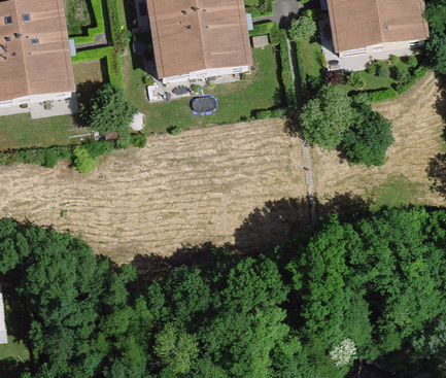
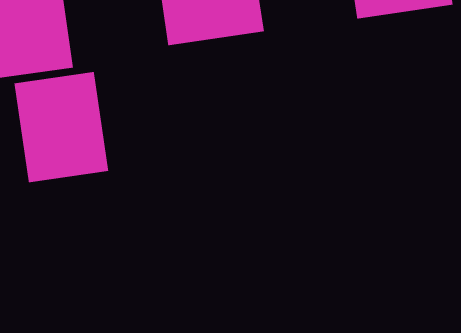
building: none -> [14,71,109,183]

